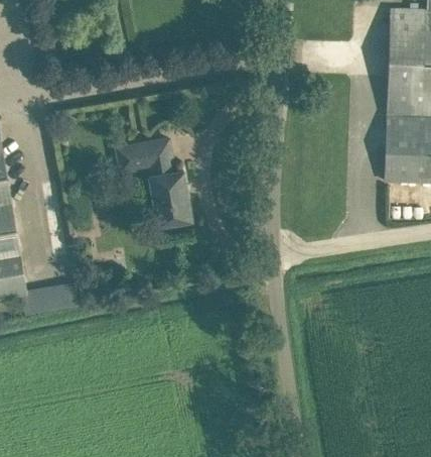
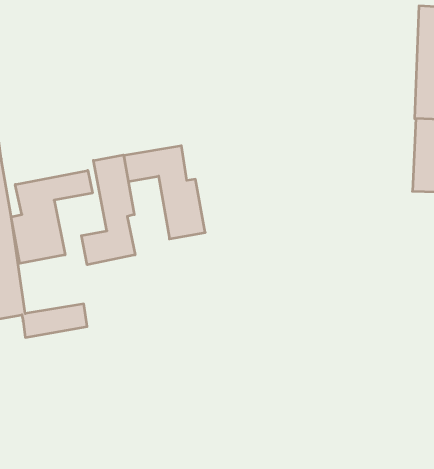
building: none -> [81,155,135,265]
building: none -> [11,170,92,263]

